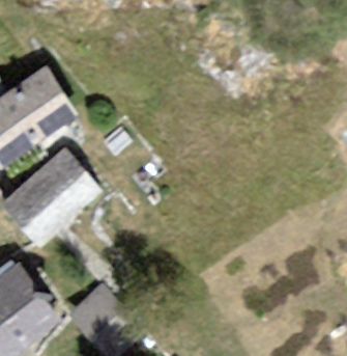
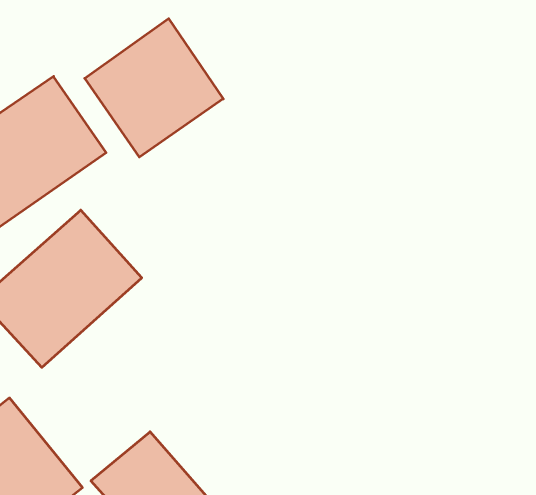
building: none -> [85,19,223,157]

